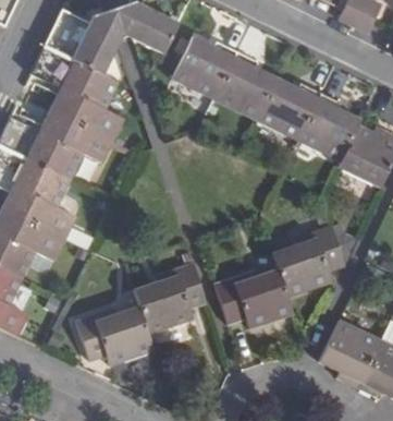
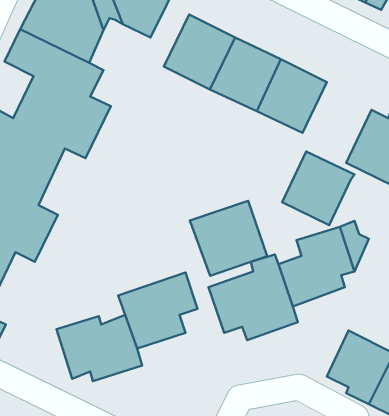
building: [298,95,364,161] -> [282,152,355,225]
building: none -> [190,201,267,276]

